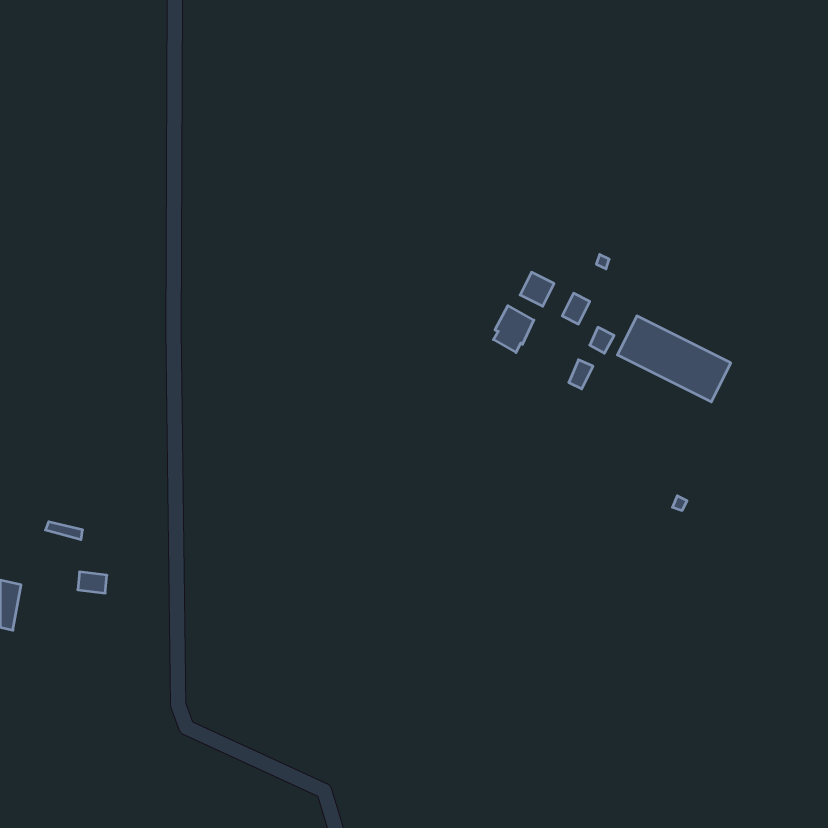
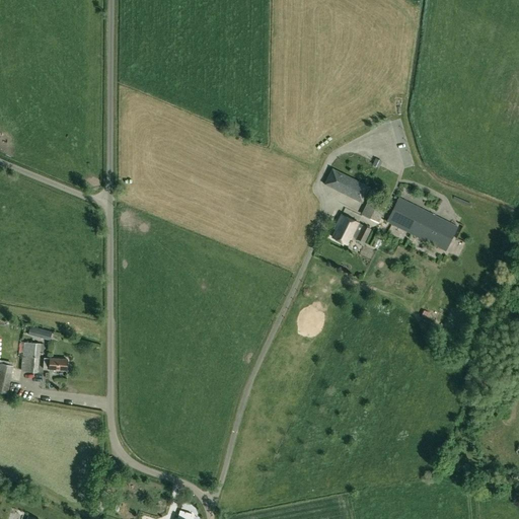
building: [493,306,534,353] -> [332,215,358,244]
building: none -> [21,343,41,373]

